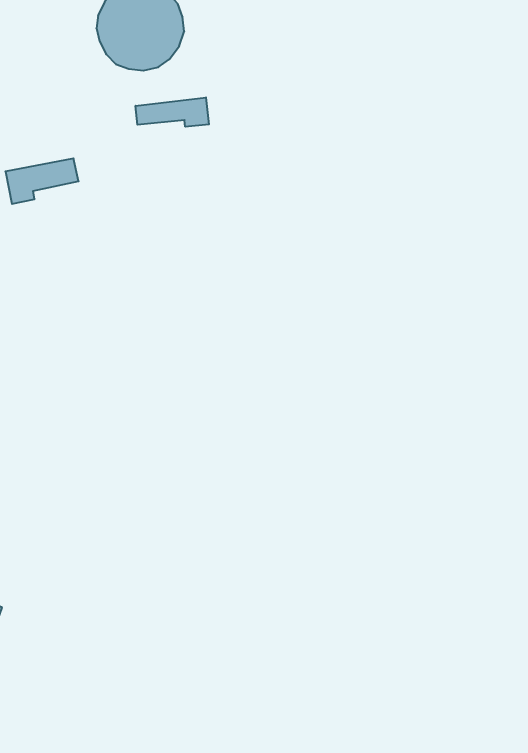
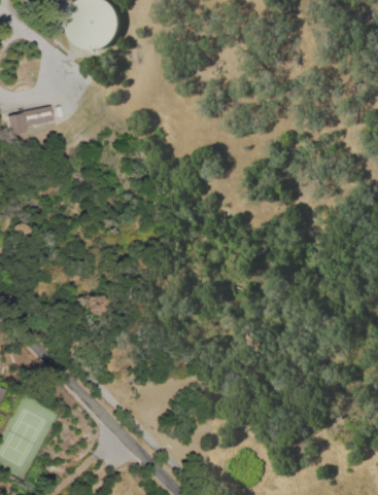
building: [136,97,209,127] -> none

